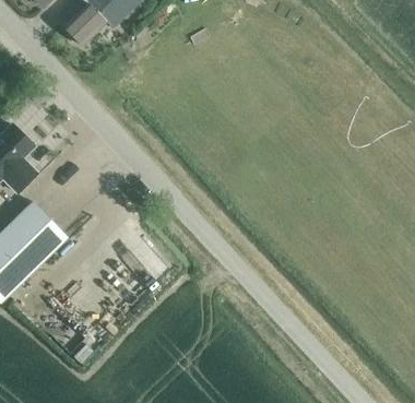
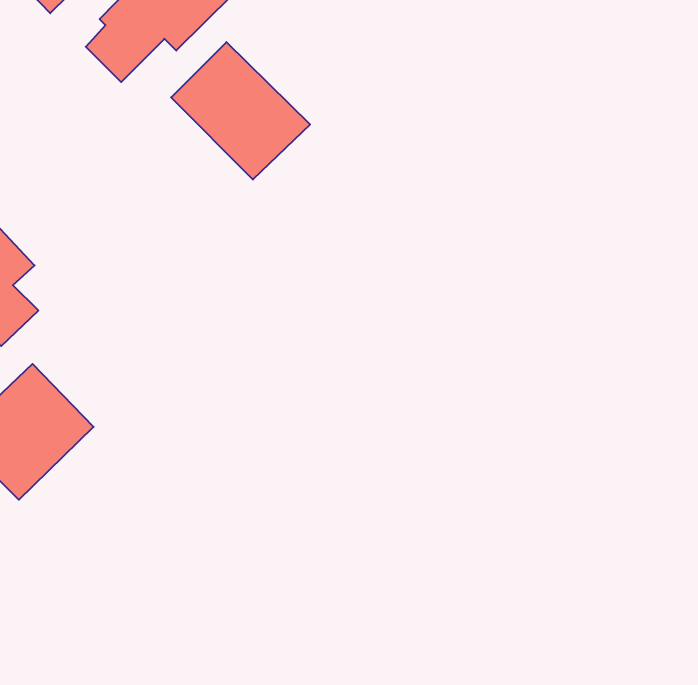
building: none -> [171,42,310,180]

